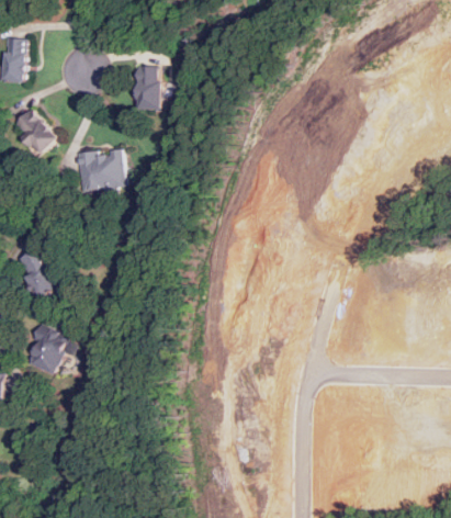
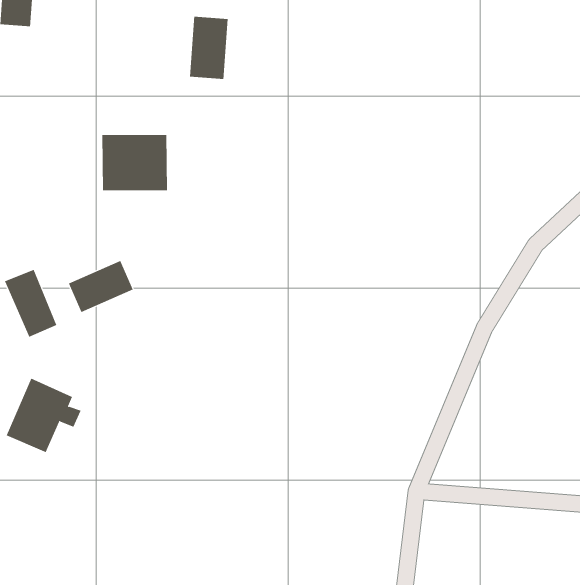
building: [13,110,56,157] -> none
building: none -> [68,260,134,313]

